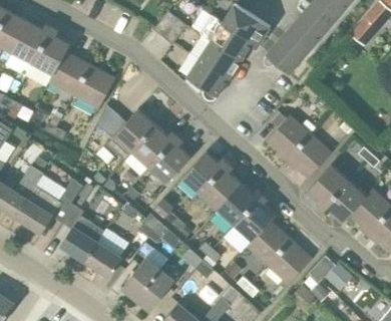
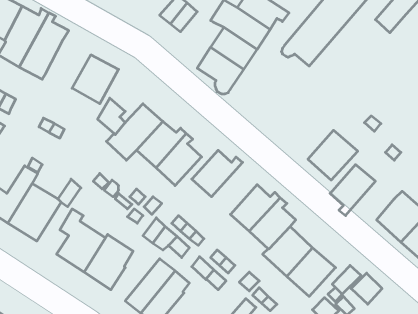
building: [49,51,90,95] -> none
building: [266,112,310,159] -> none
building: [200,163,241,210] -> none
building: [321,180,365,223] -> none

